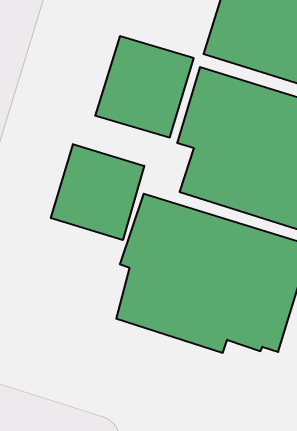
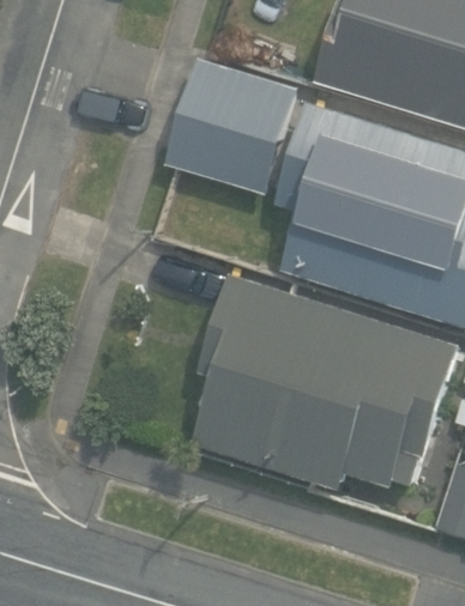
building: [51,144,144,240] -> none

